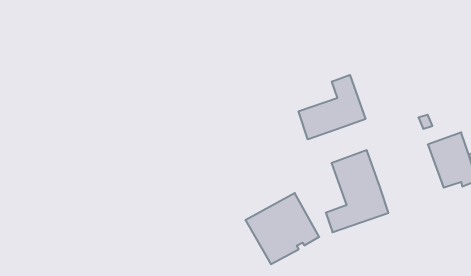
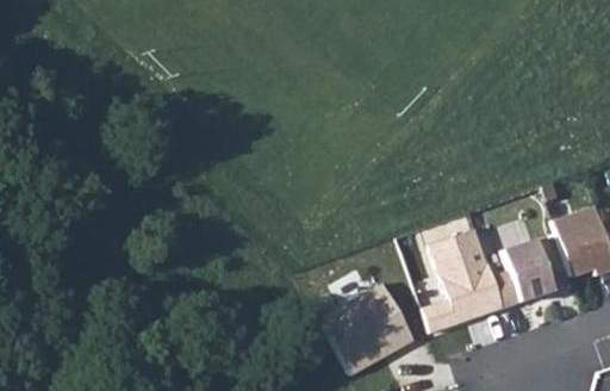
building: [299,75,365,139] -> none
building: none -> [492,238,554,308]

